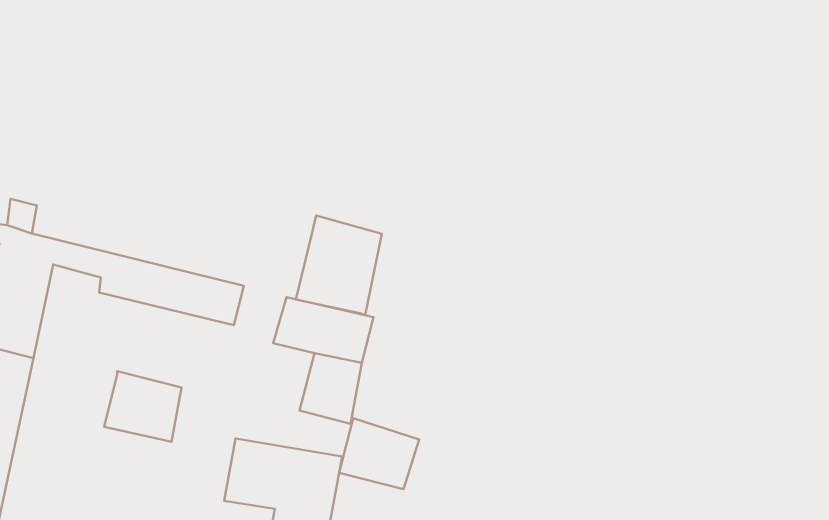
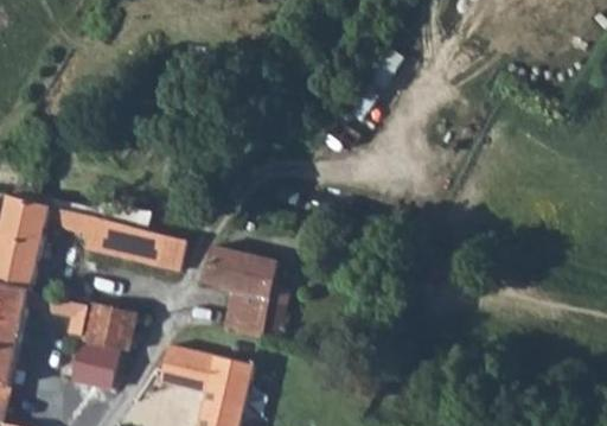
building: [296,215,382,315] -> none
building: [339,418,419,489] -> none
building: none -> [70,341,117,388]

